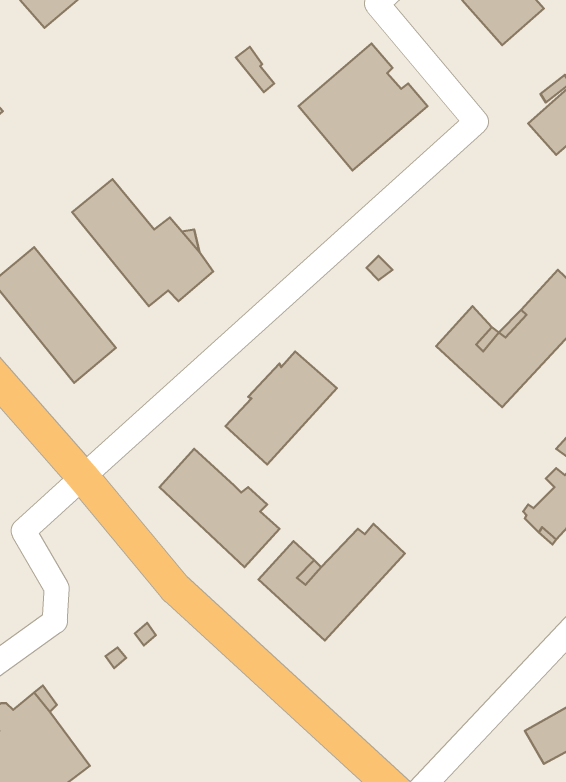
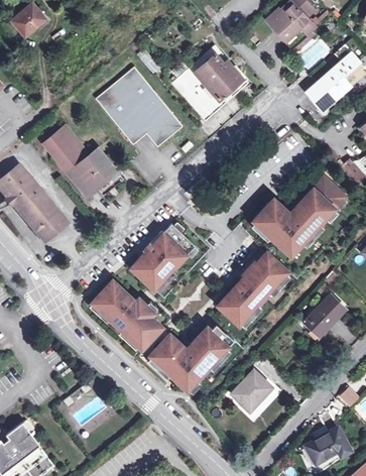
building: none -> [98,71,180,145]
building: none -> [219,252,289,327]
building: none -> [232,370,272,410]

